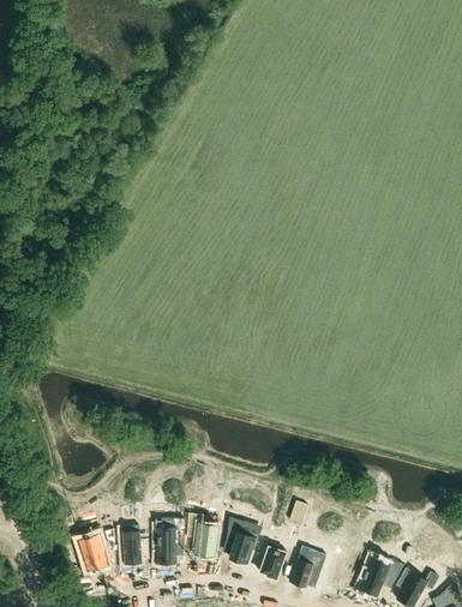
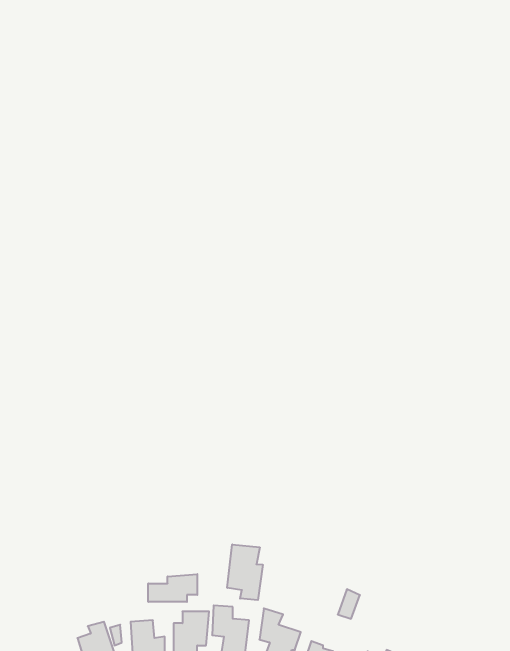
building: none -> [227,544,263,600]
building: none -> [148,574,197,602]

